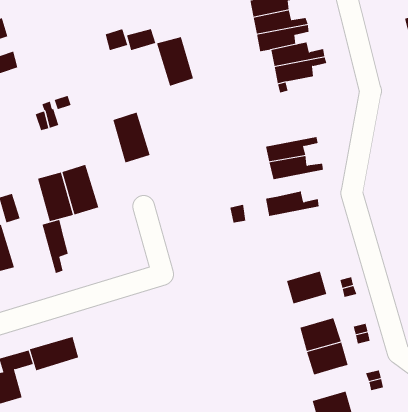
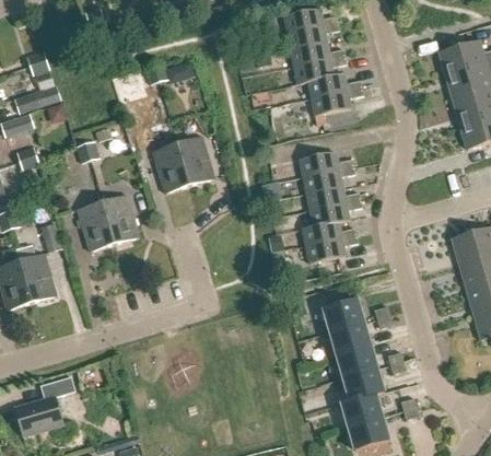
building: [156,36,194,86] -> [176,137,213,186]
building: none -> [299,152,353,177]
building: none -> [309,200,361,226]
building: none -> [305,236,356,264]
building: [42,219,69,274] -> none
building: none -> [329,323,370,355]
building: [29,336,79,371] -> none
building: none -> [340,395,382,428]

